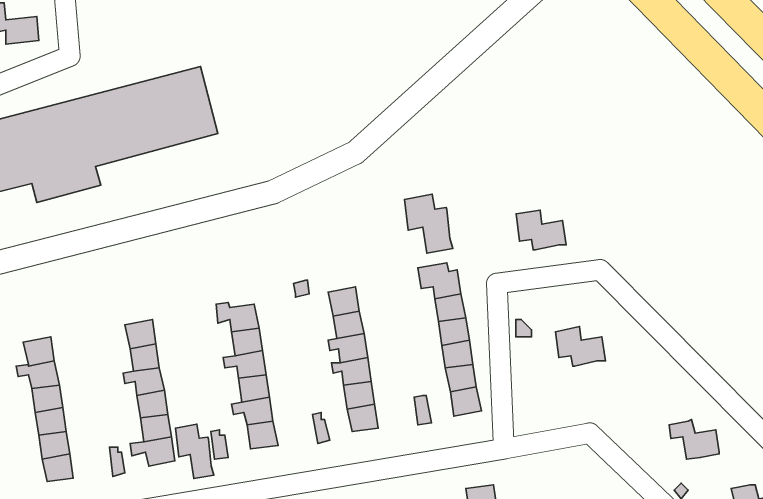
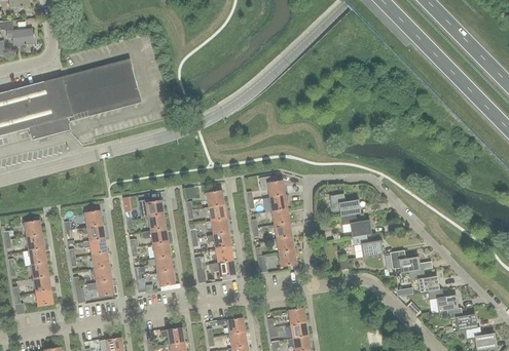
building: [405,194,453,253] -> none
building: [516,210,566,250] -> [330,193,360,217]
building: none -> [353,234,383,258]
building: none -> [390,250,421,273]
building: [176,424,214,479] -> none
building: none -> [428,288,458,312]

